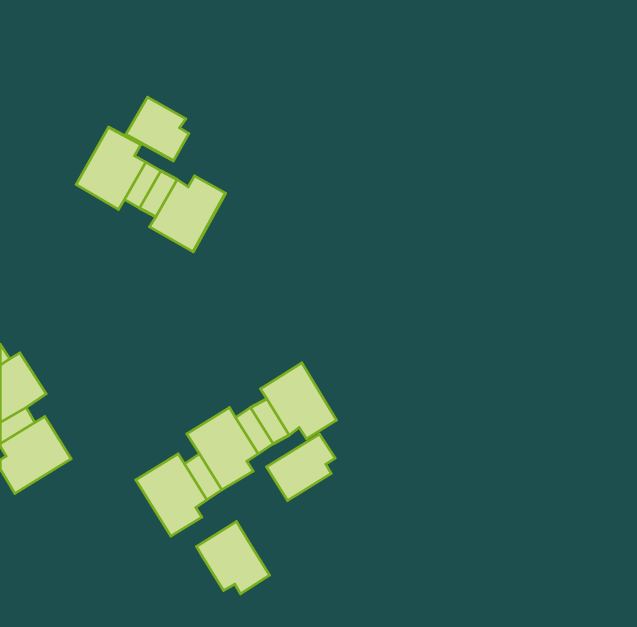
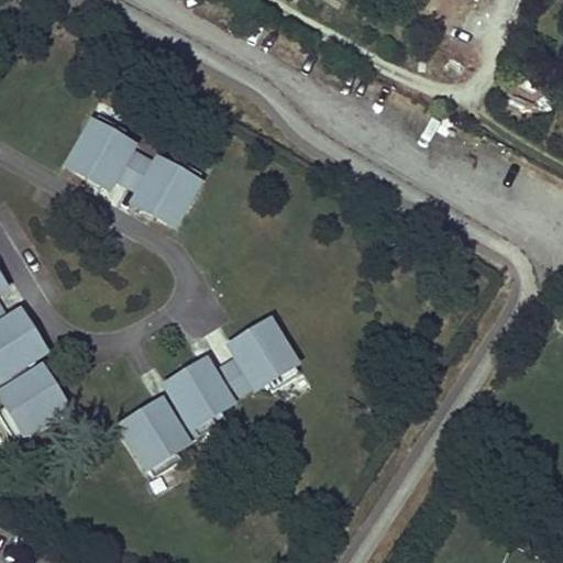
building: [126,97,189,161] -> none
building: [266,434,335,501] -> none
building: [196,522,270,594] -> none

